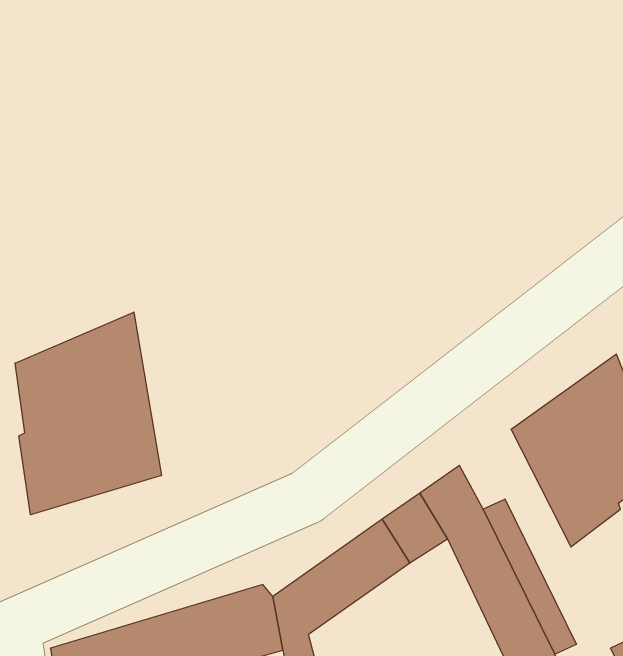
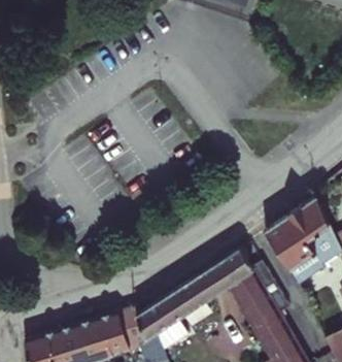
building: [15,312,161,515] -> none

